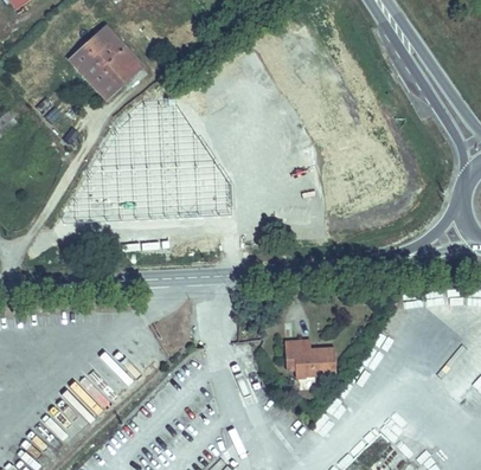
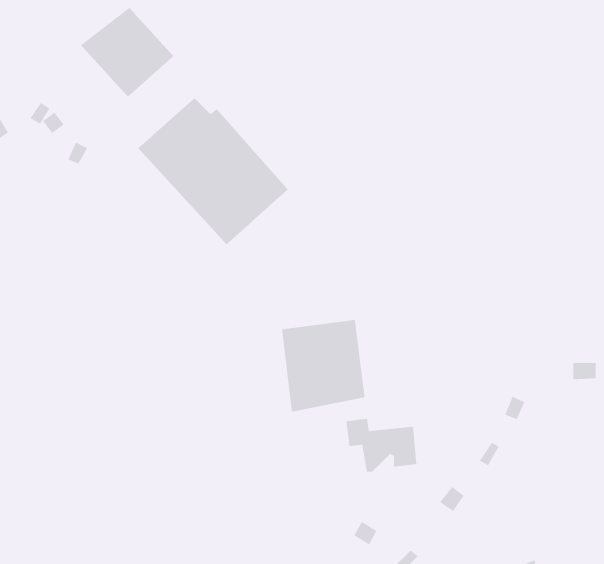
building: none -> [281,319,365,413]

